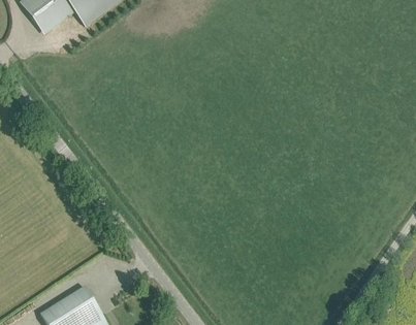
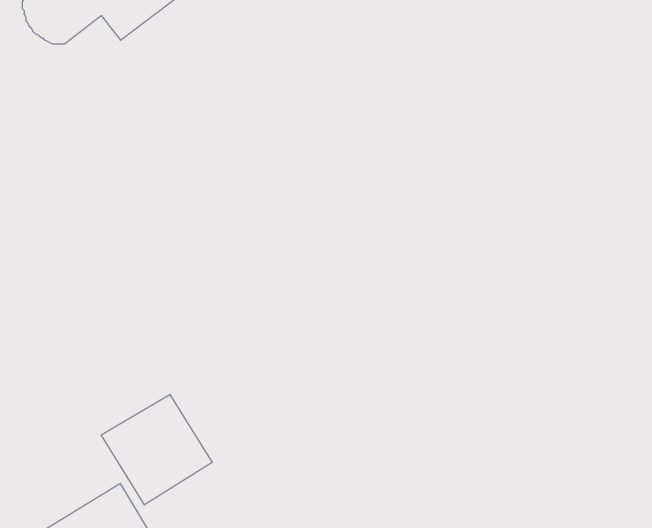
building: none -> [101,394,212,505]

